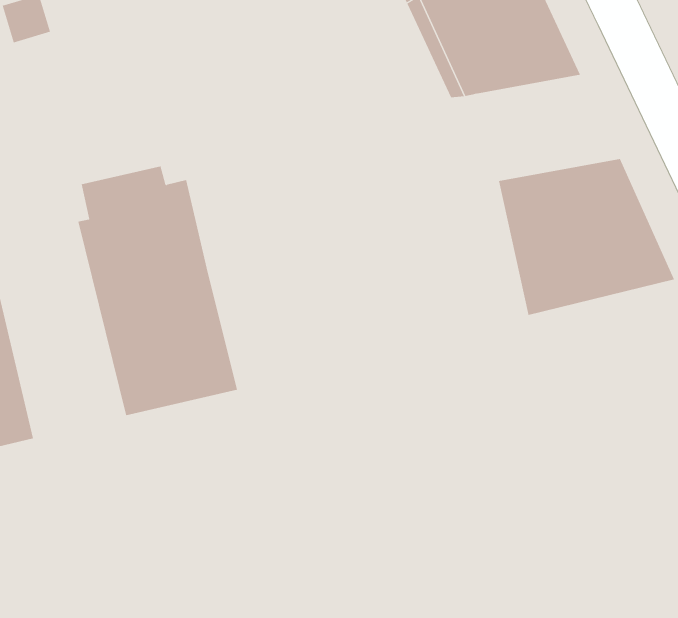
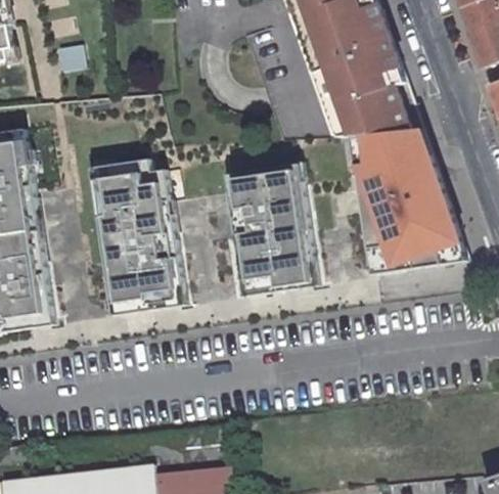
building: none -> [352,124,440,186]
building: none -> [227,163,317,295]

